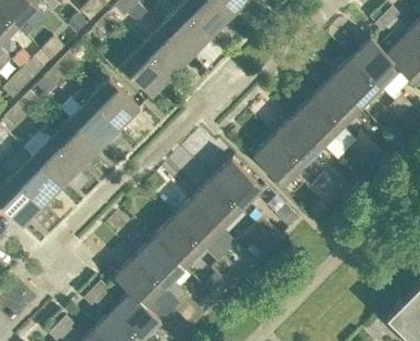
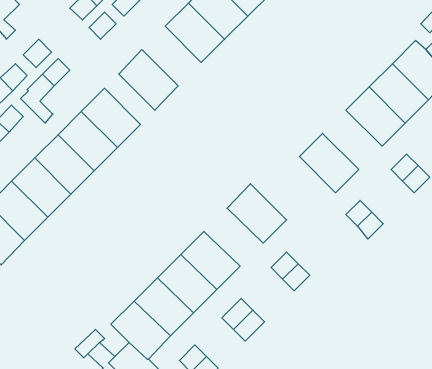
building: [139,26,189,76] -> none
building: [291,97,341,147] -> none
building: [252,136,302,186] -> none
building: [191,179,241,228] -> none

